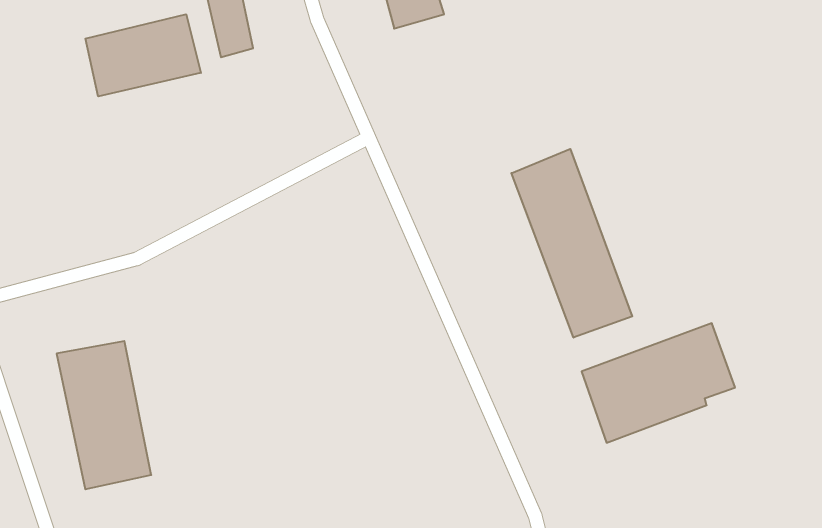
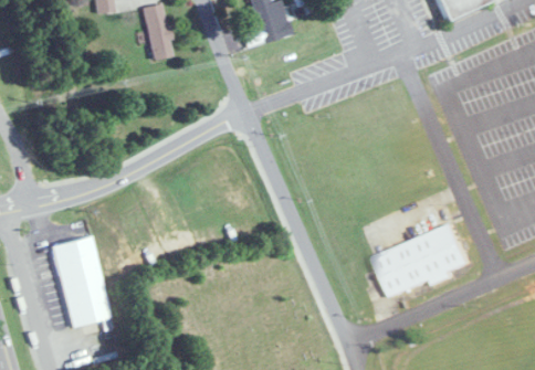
building: [85,14,201,96] -> none
building: [511,149,632,338] -> none

